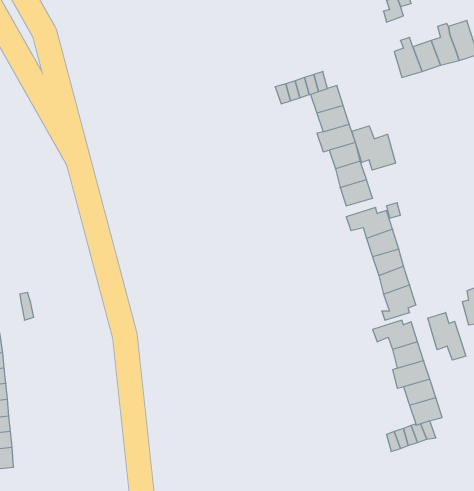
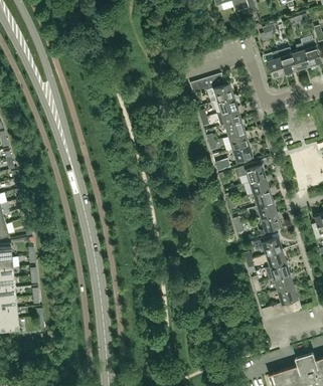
building: [352,126,395,170] -> none
building: [428,312,466,360] -> none

